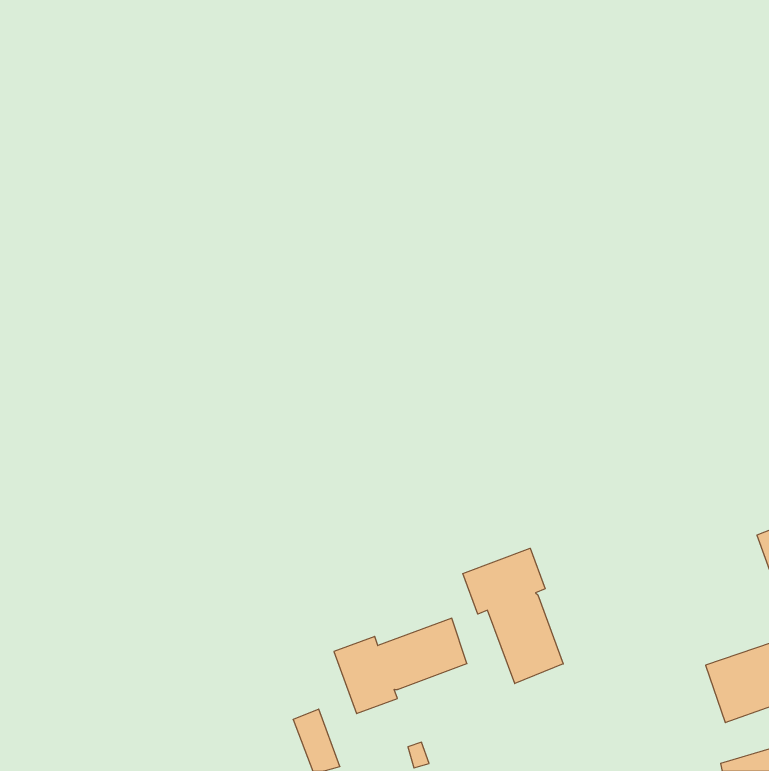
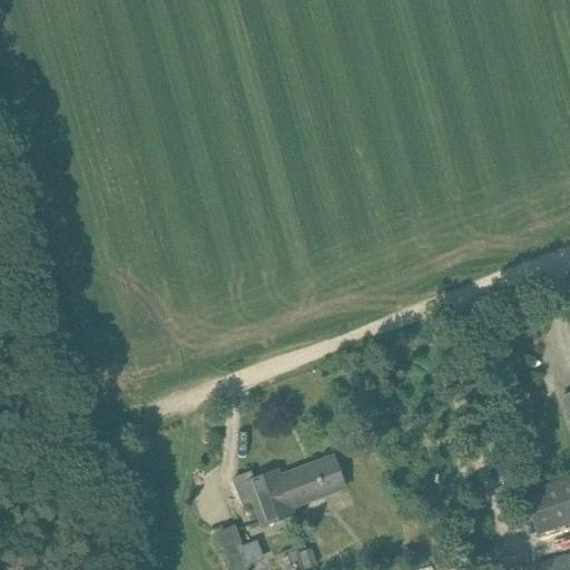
building: [463,548,563,684] -> none

